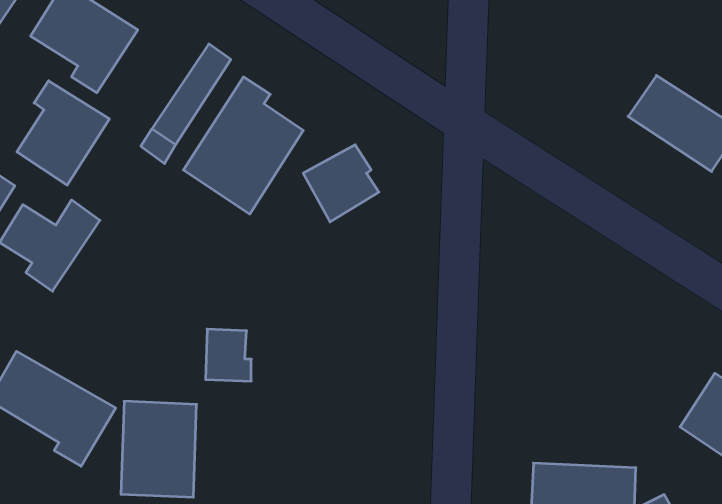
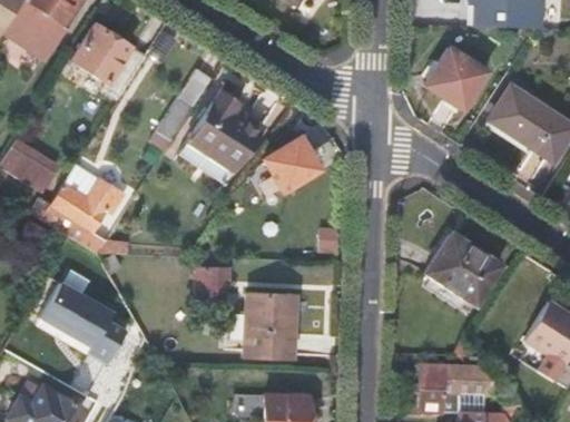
building: none -> [425,48,487,109]
building: [17,81,109,185] -> none
building: none -> [428,230,508,305]
building: [121,401,197,497] -> [242,292,295,360]

